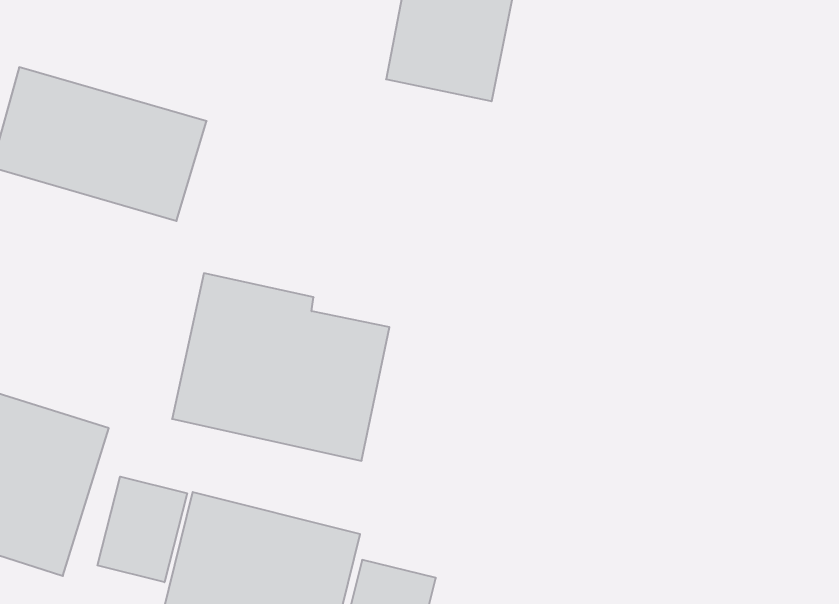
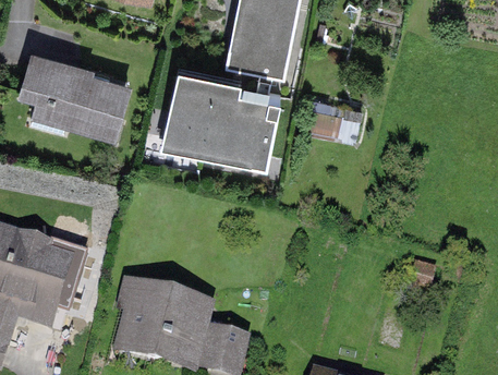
building: [172,273,389,461] -> [166,59,284,161]
building: [97,477,187,582] -> none

